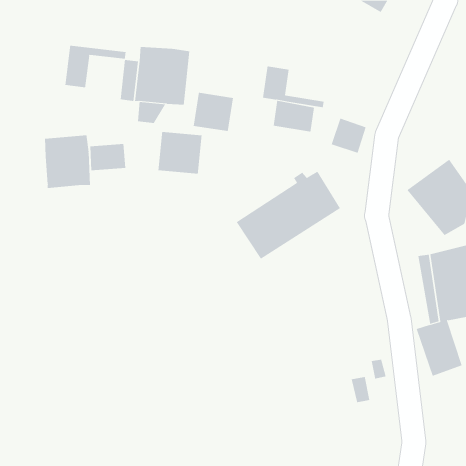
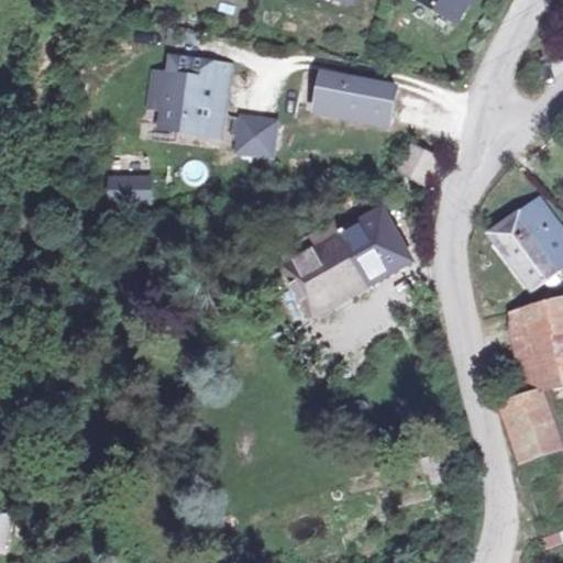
building: [65,45,126,88] -> none
building: [273,100,315,132] -> [345,85,396,123]
building: [158,131,202,174] -> none
building: [44,135,90,189] -> none

